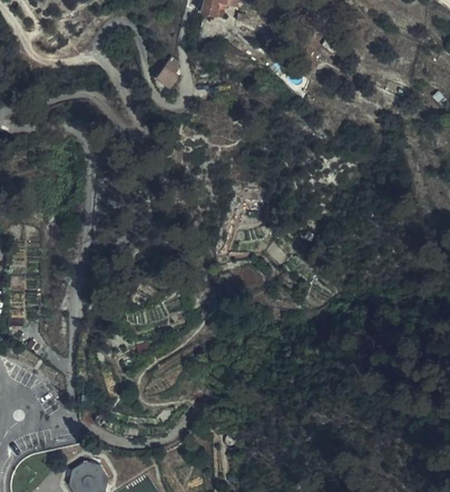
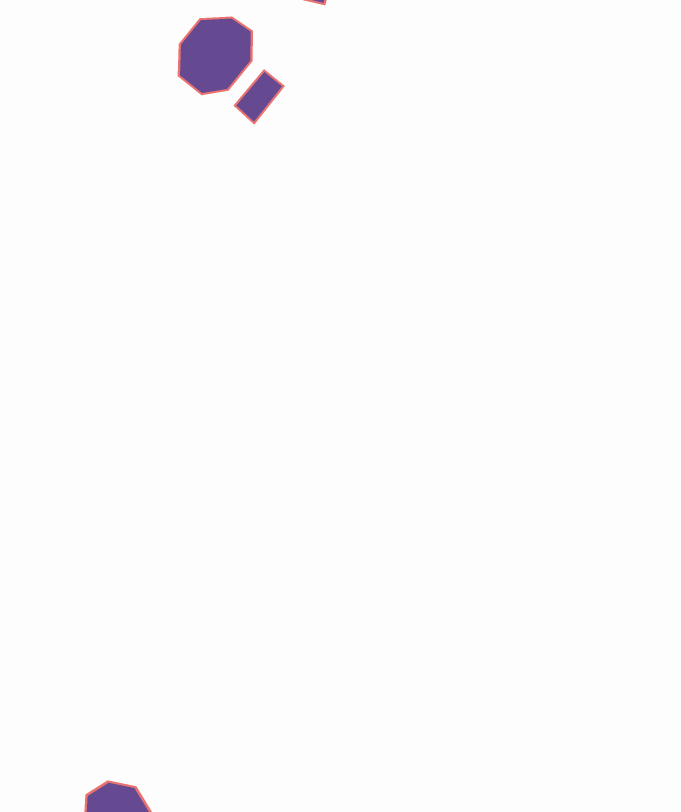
building: none -> [179,17,252,94]

